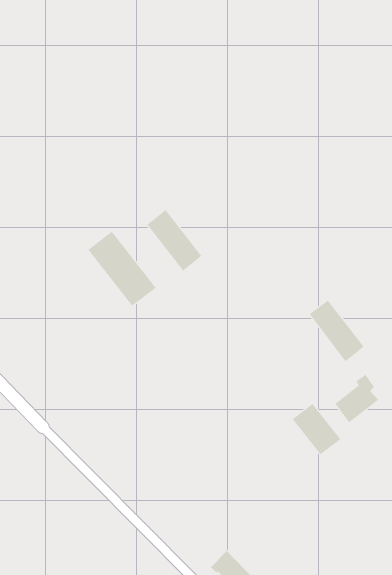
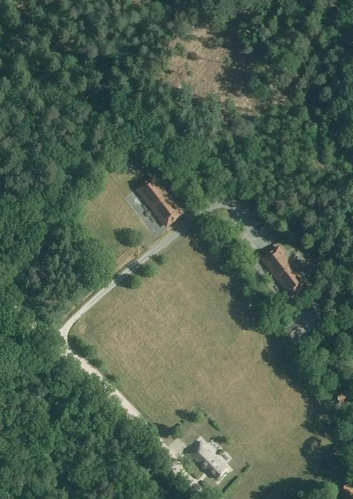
building: [88,231,156,306] -> none
building: [292,403,341,455] -> none

